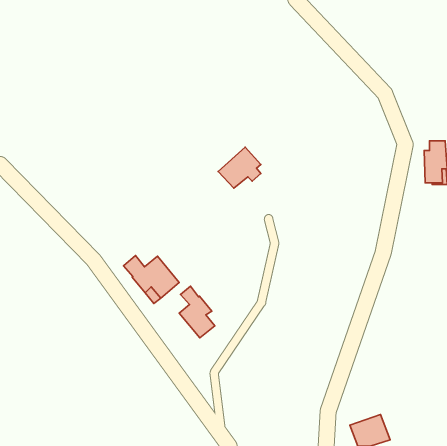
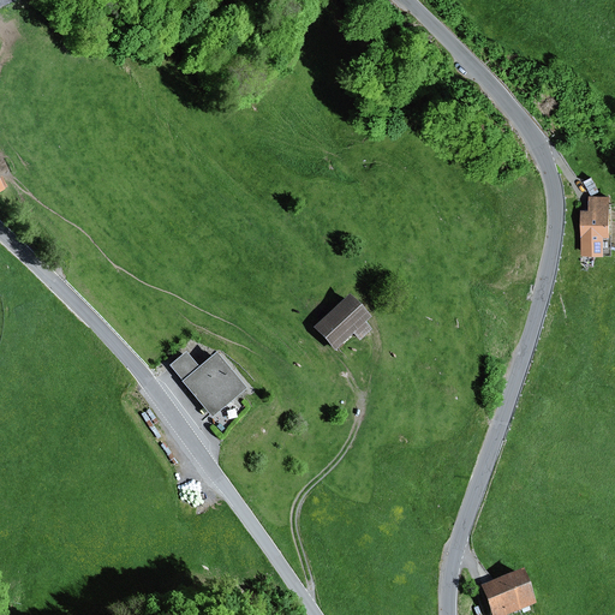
building: [218,147,261,188] -> [312,293,371,350]
building: [179,286,215,338] -> none

